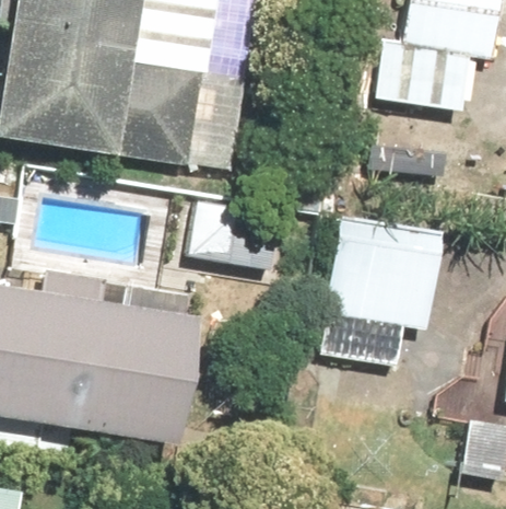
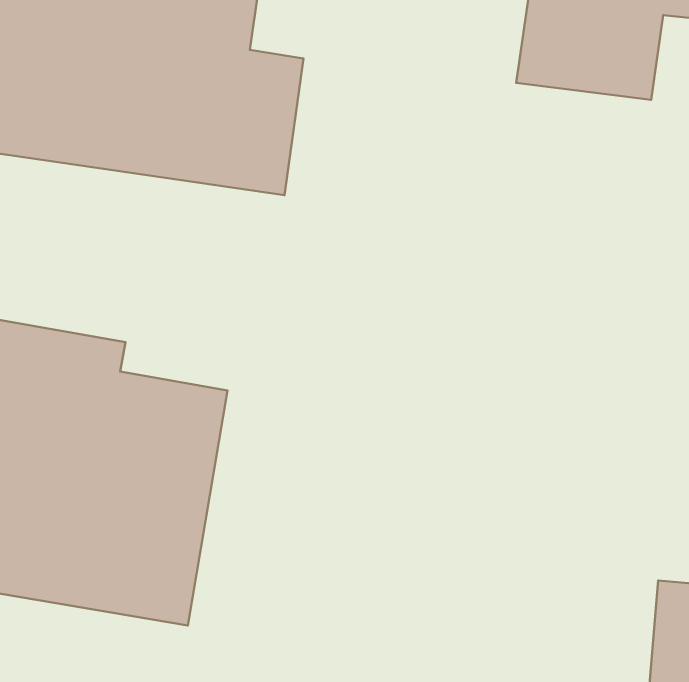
building: [326,220,442,363] -> none

